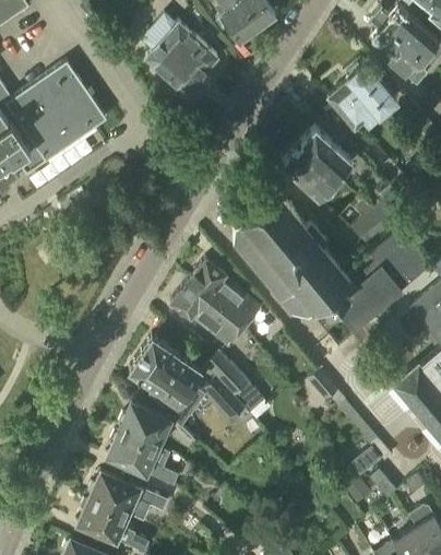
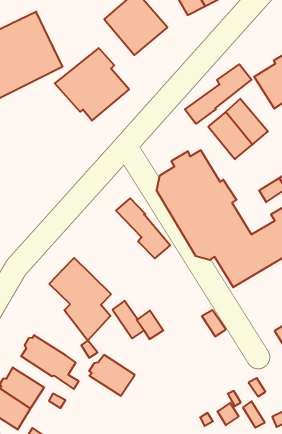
building: none -> [185,64,251,124]
building: none -> [55,48,129,121]
building: [169,275,243,345] -> none
building: [204,351,248,397] -> none
building: [118,405,170,449] -> [89,355,135,396]

